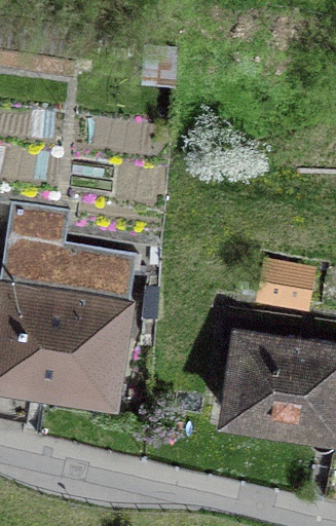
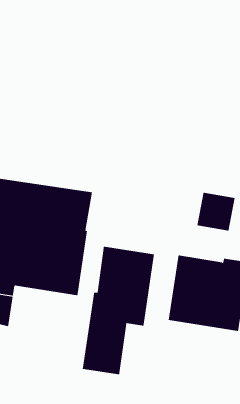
building: none -> [82,246,154,375]

